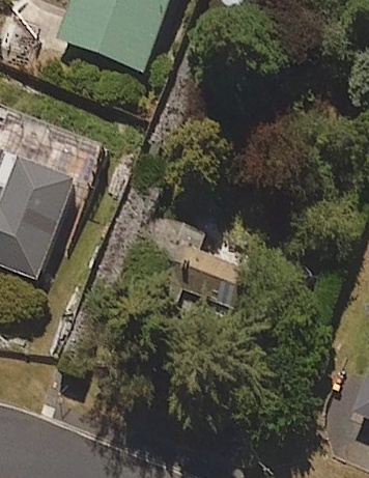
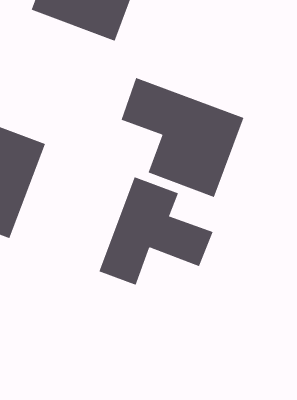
building: none -> [121,77,244,198]

